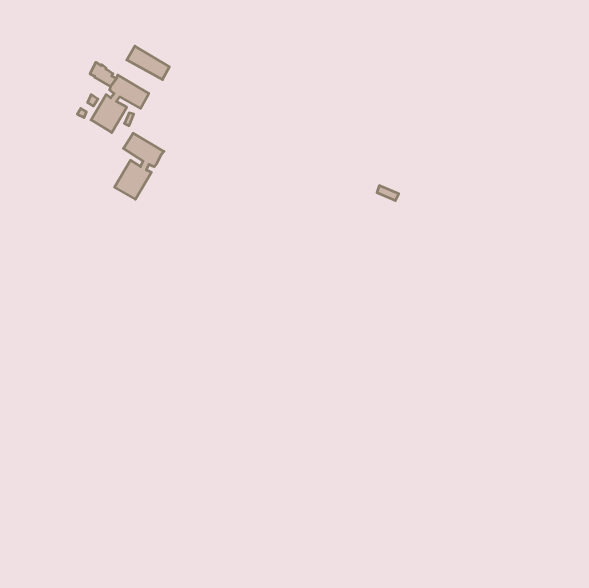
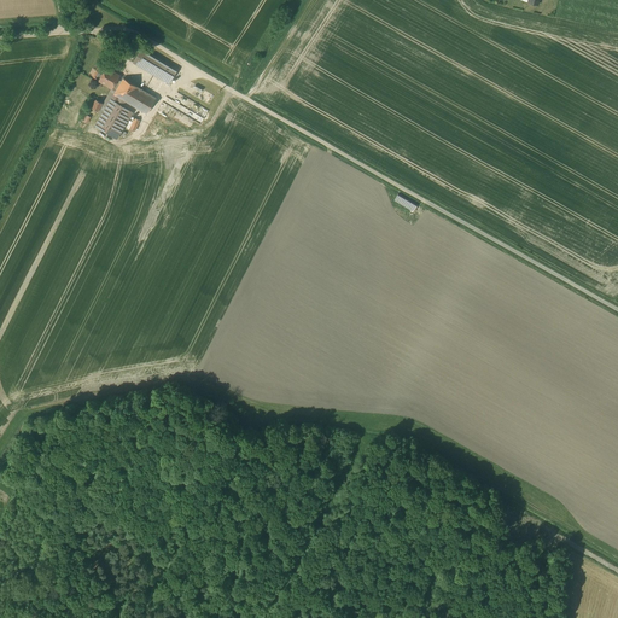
building: [115,133,164,199] -> none

